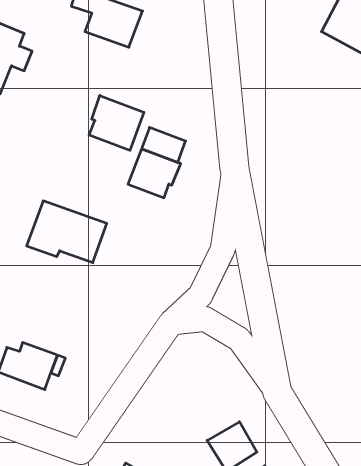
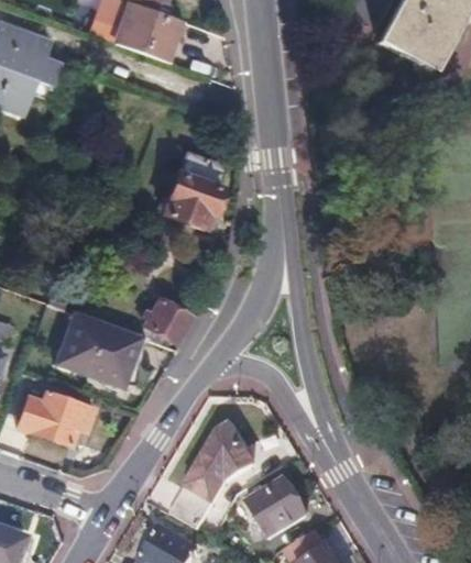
building: [89,95,144,150] -> none
building: [27,201,107,263] -> [56,312,146,382]
building: none -> [146,299,193,343]
building: none -> [184,423,258,515]

